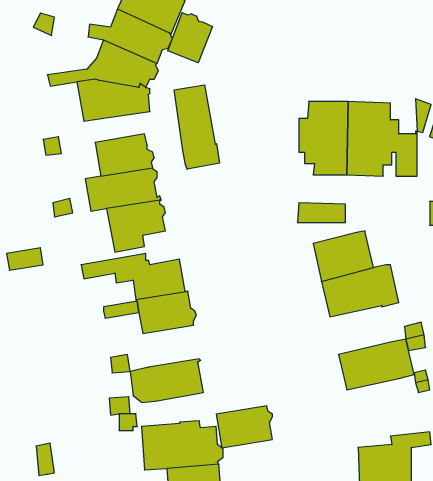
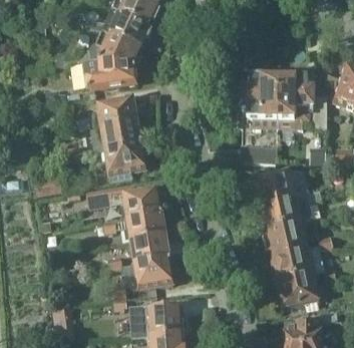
building: [168,13,212,63] -> none
building: [174,85,219,169] -> none
building: none -> [264,221,307,256]
building: none -> [276,273,319,309]
building: [216,406,272,448] -> [130,235,170,265]

